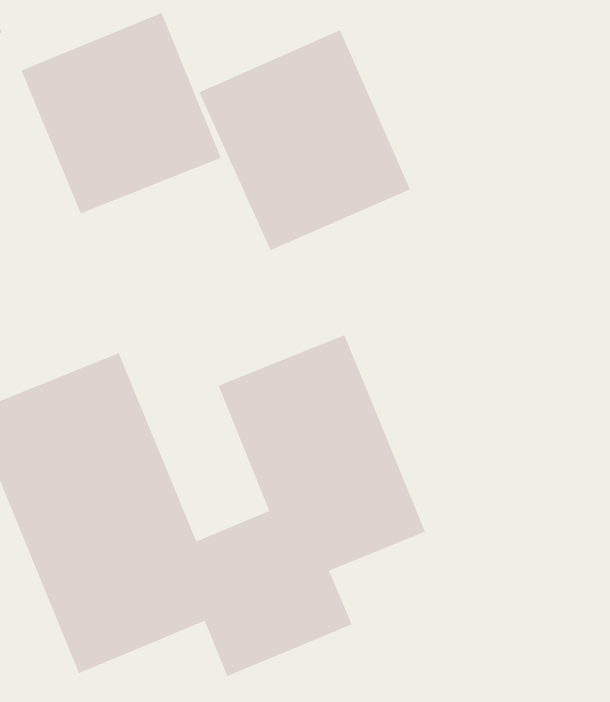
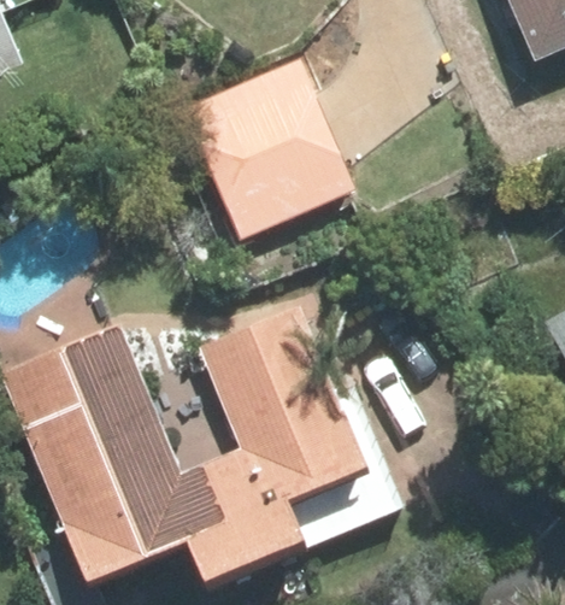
building: [21,12,221,214] -> none

